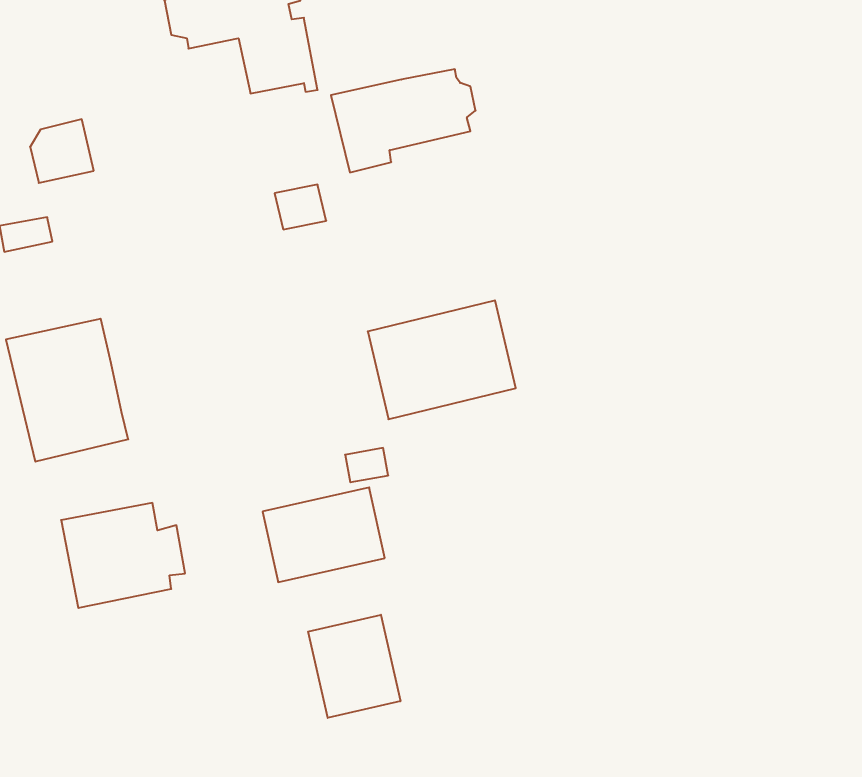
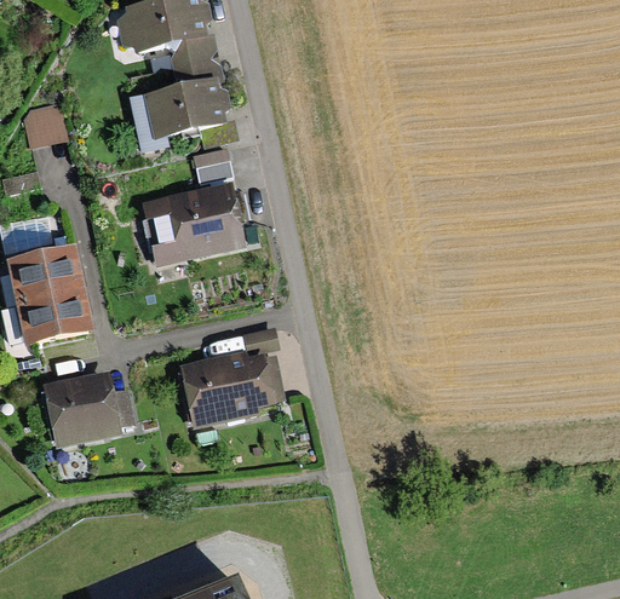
building: [331,69,476,172] -> [127,77,229,150]
building: [368,300,516,419] -> [142,182,246,265]
building: [308,615,400,718] -> none

